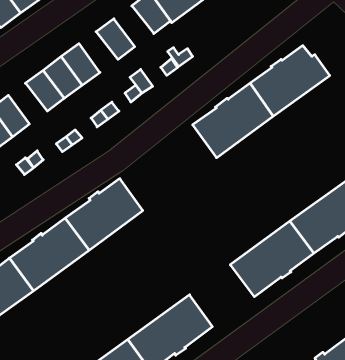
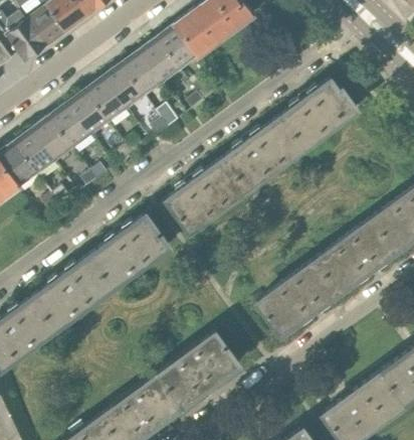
building: none -> [140,40,180,82]
building: none -> [105,66,144,108]
building: none -> [33,119,72,160]
building: none -> [167,161,243,233]

